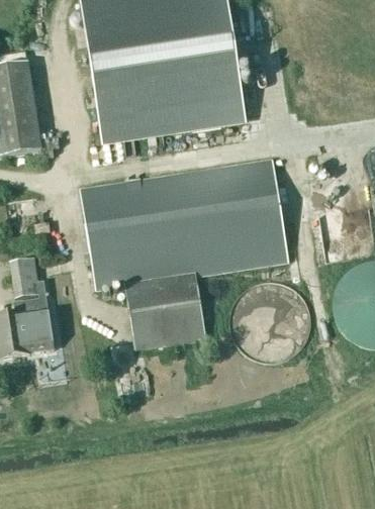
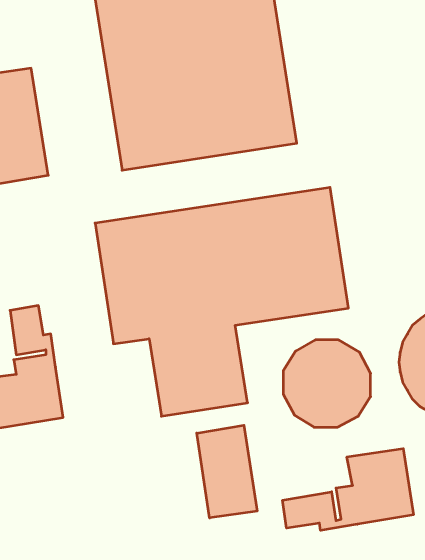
building: none -> [197,425,257,518]
building: none -> [283,449,413,530]

